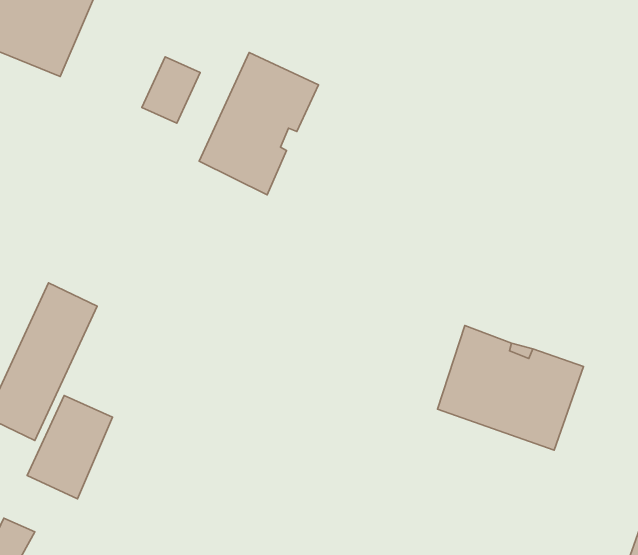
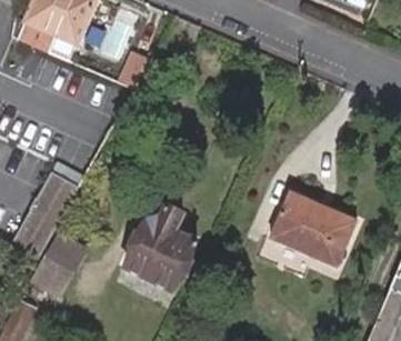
building: [199,53,319,195] -> none
building: none -> [139,202,209,288]

